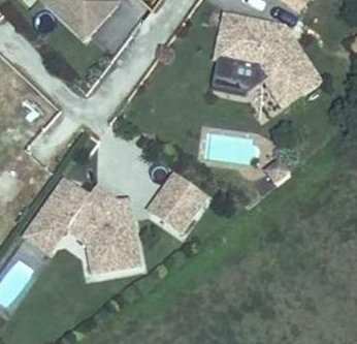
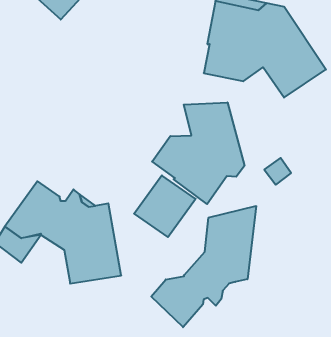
building: none -> [152,102,244,204]
building: none -> [151,206,256,327]

